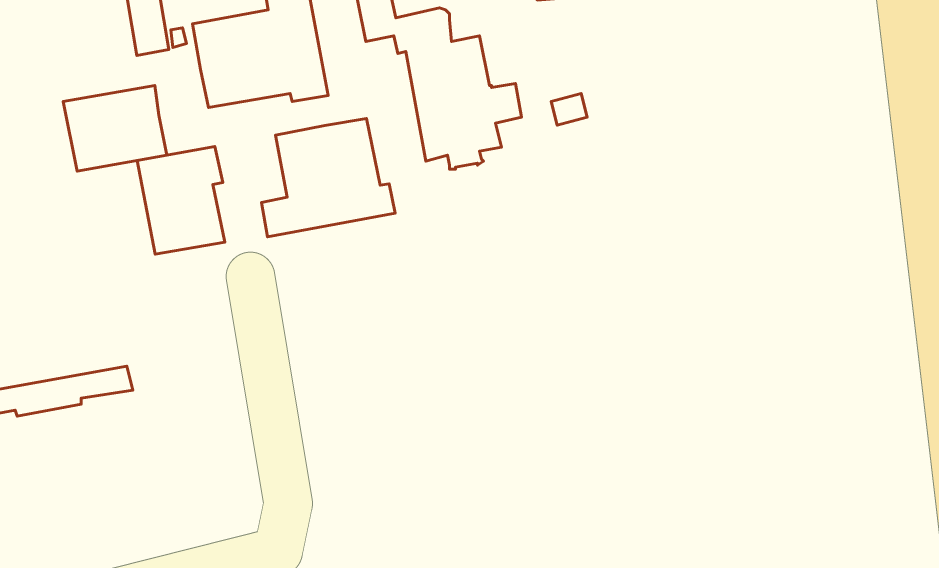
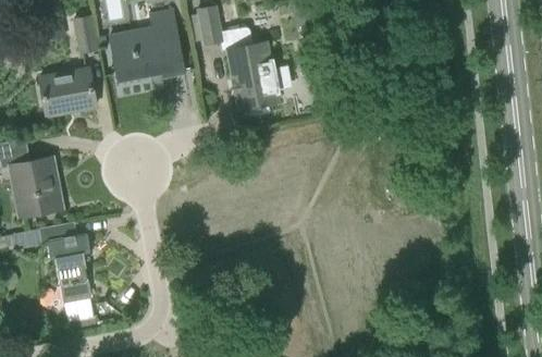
building: [261,118,395,237] -> none
building: [137,147,225,254] -> [10,158,58,217]
building: none -> [49,233,95,321]

